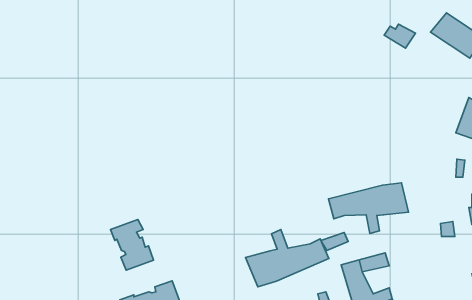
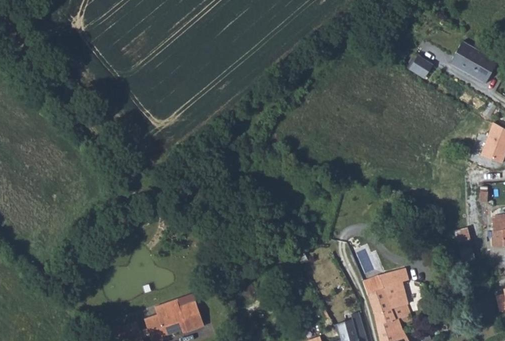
building: [328,183,409,234] -> none
building: [111,219,153,270] -> none
building: [245,229,329,287] -> none

